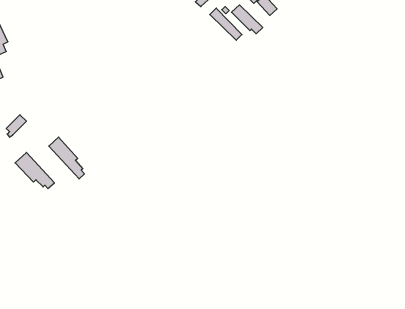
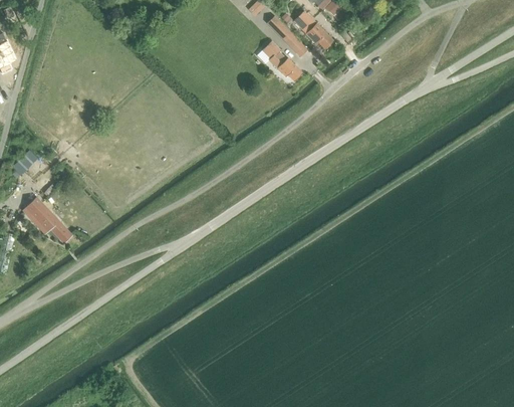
building: none -> [262,40,302,80]
building: [49,137,84,179] -> none

